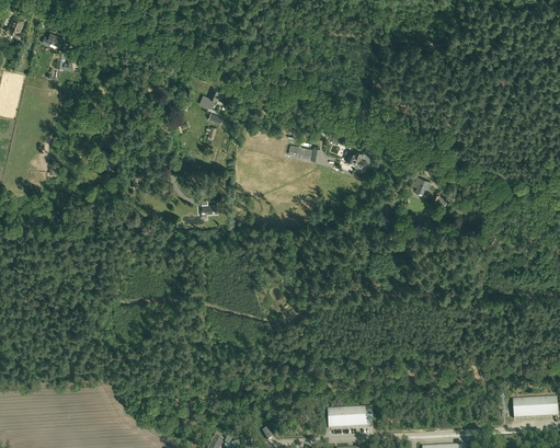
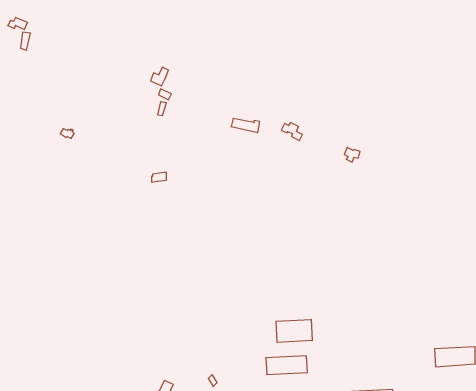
building: none -> [276,319,312,342]

